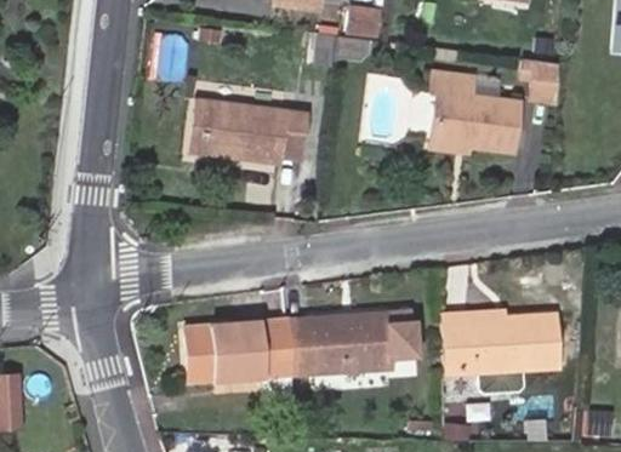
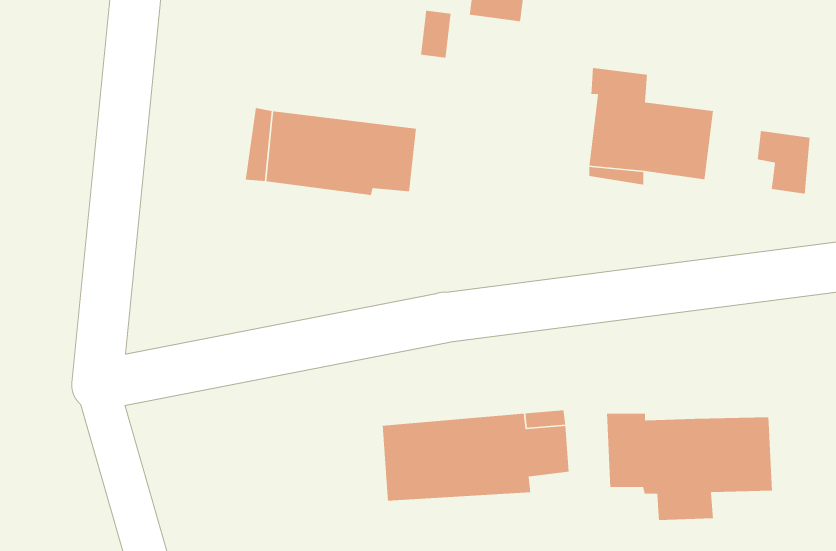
building: [520,58,558,103] -> [757,130,811,195]
building: [187,321,292,399] -> none

